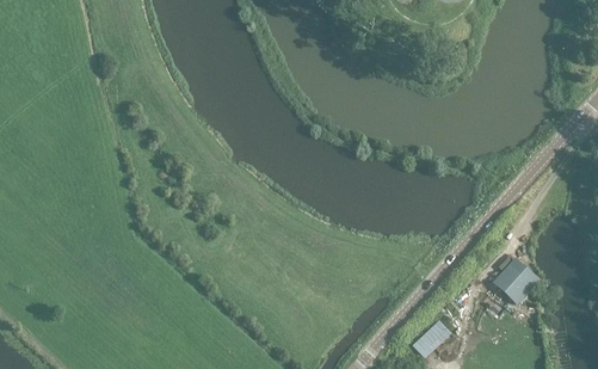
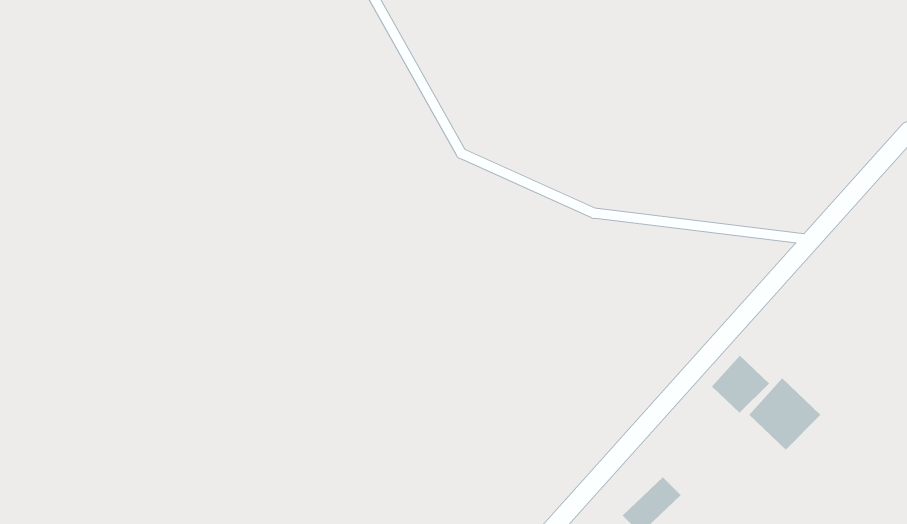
building: none -> [711,355,770,414]

